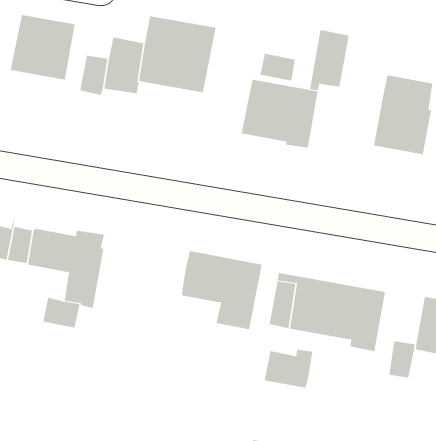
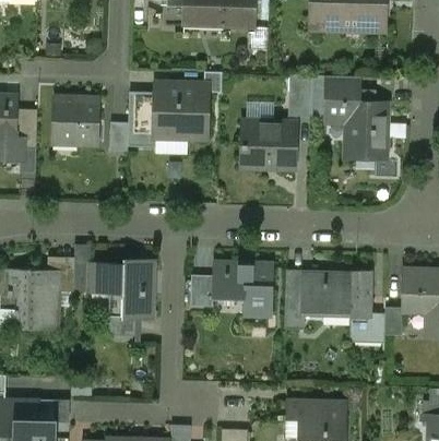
building: none -> [325,75,357,118]
building: none -> [191,277,213,307]
building: [264,349,313,388] -> [349,313,384,343]

